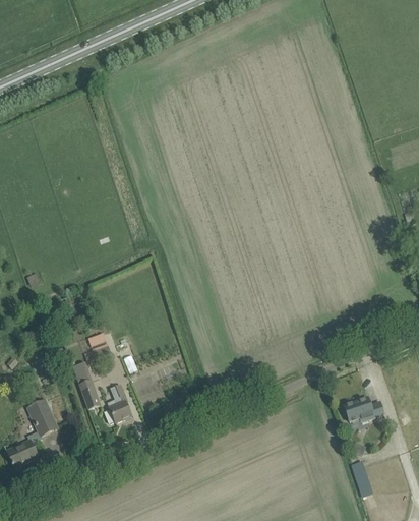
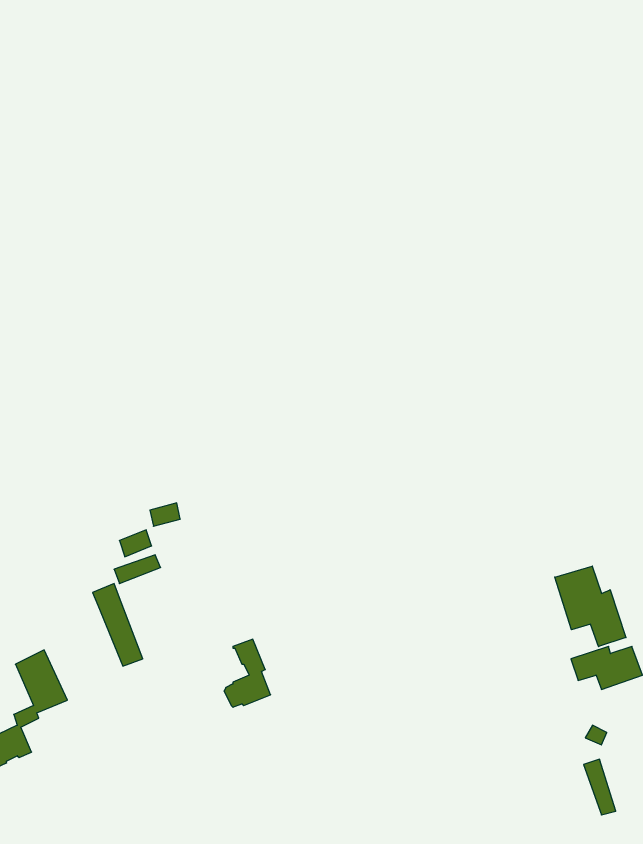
building: none -> [555,566,626,647]
building: [104,384,130,422] -> [224,639,271,707]

